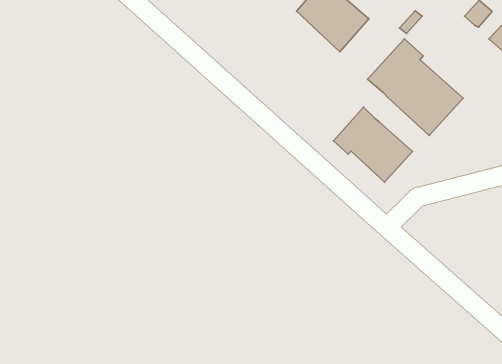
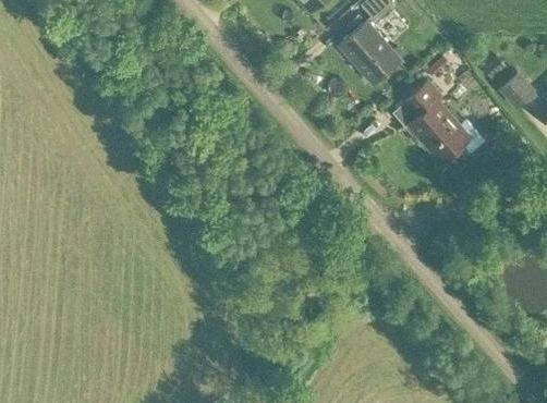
building: [333,107,412,182] -> none

